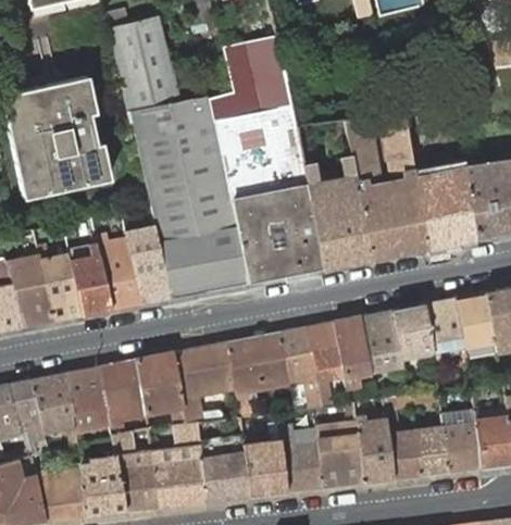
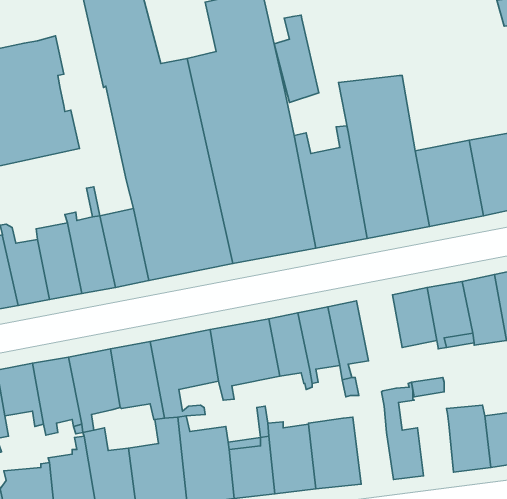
building: none -> [274,15,319,103]
building: [360,311,402,371] -> none
building: [356,412,394,483] -> none
building: [415,418,448,475] -> none

